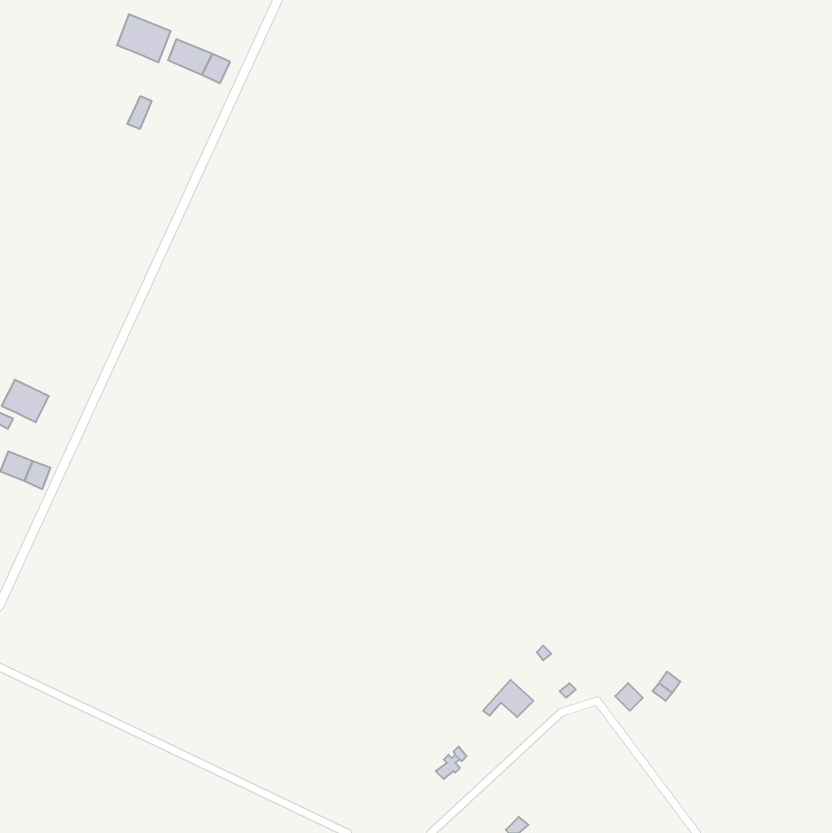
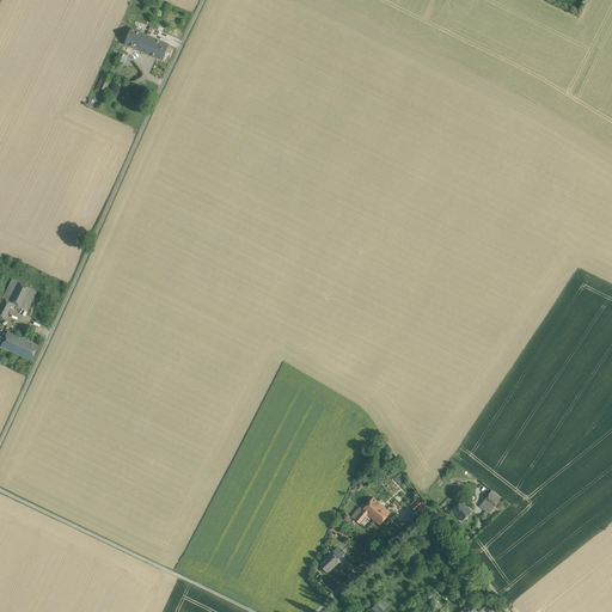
building: [117,14,170,62] -> none

